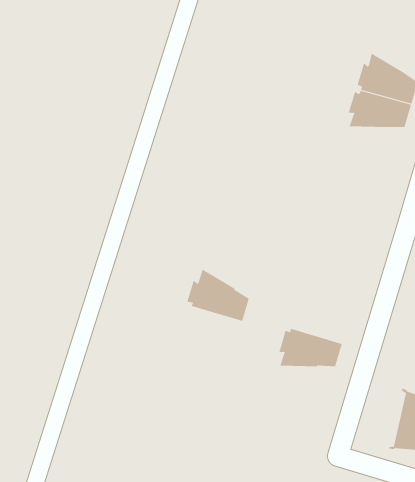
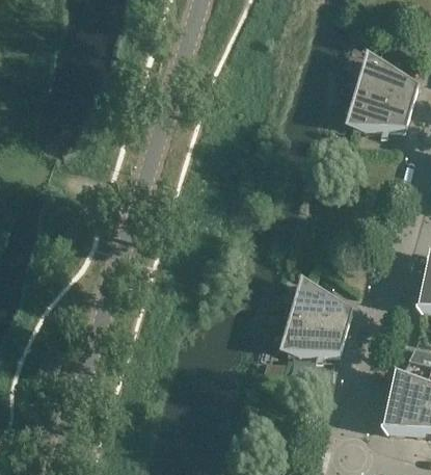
building: [187,269,249,322] -> [289,281,348,331]

